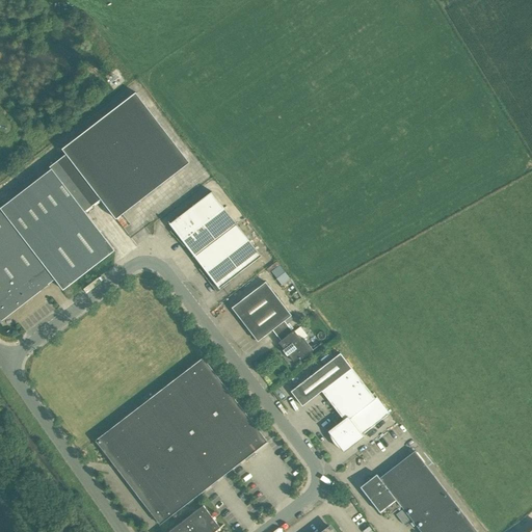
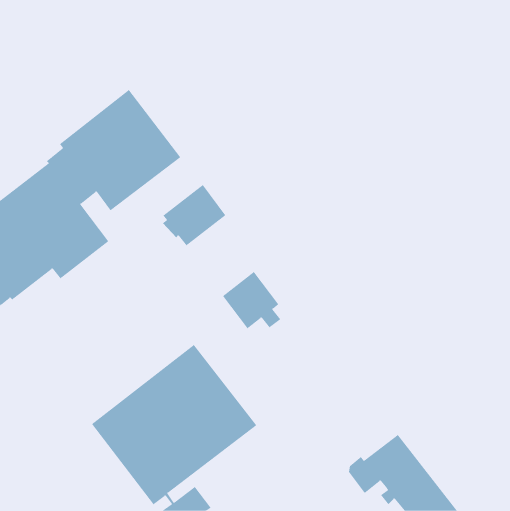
building: [193,223,260,292] -> none
building: [277,330,320,362] -> none
building: [290,353,389,452] -> none

